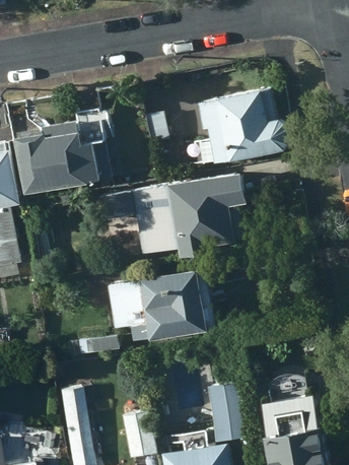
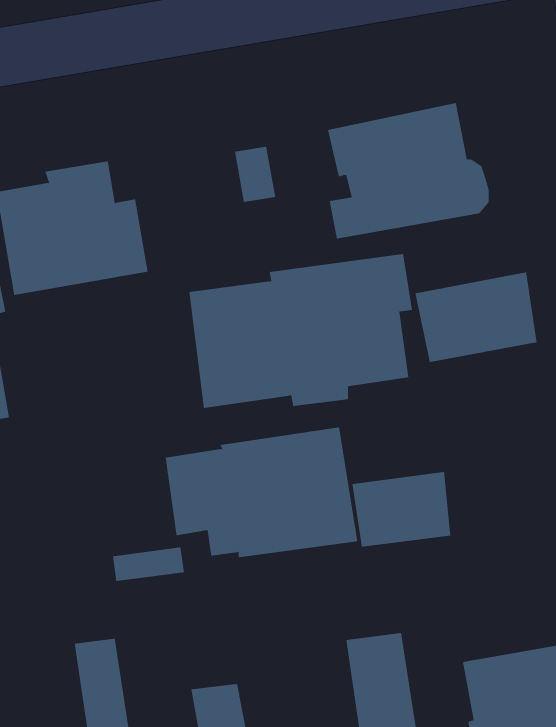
building: none -> [415,271,537,363]
building: none -> [352,471,451,548]

